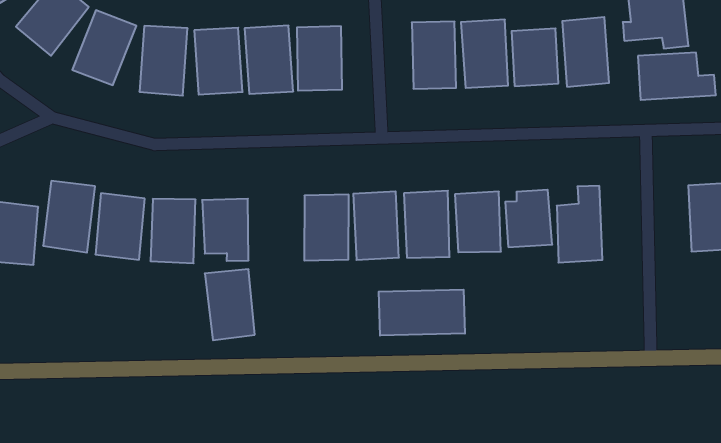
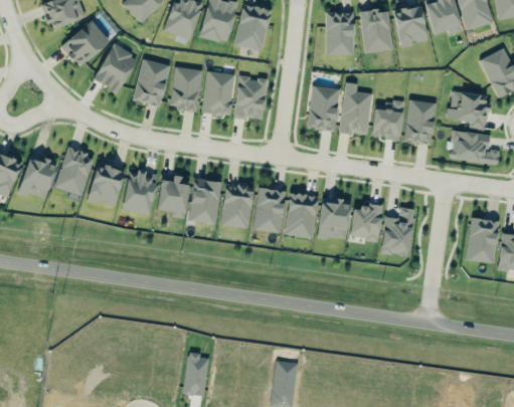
building: [205,269,255,340] -> [190,179,220,223]
building: [379,290,465,336] -> none

